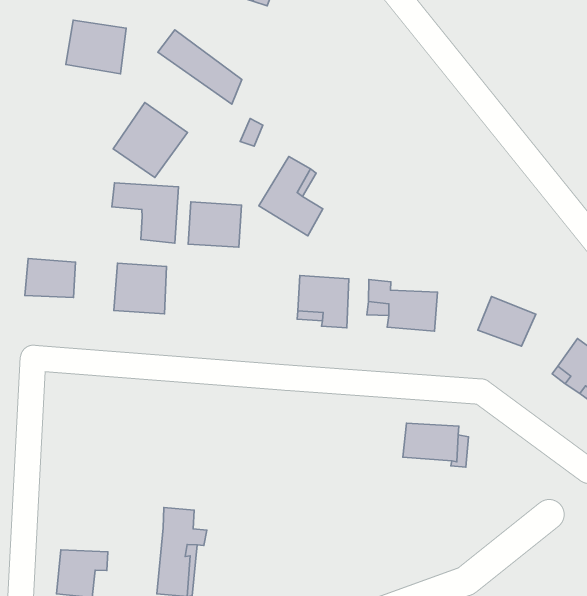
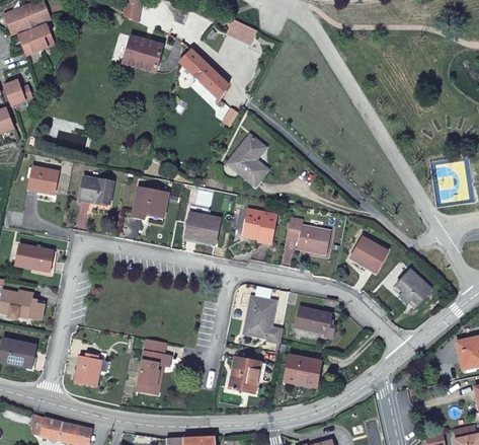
building: [113,102,188,177] -> none
building: [112,183,179,243] -> none
building: [188,202,241,247] -> [184,212,220,243]
building: none -> [243,296,283,343]
building: none -> [285,356,319,382]
building: none -> [229,356,263,391]

